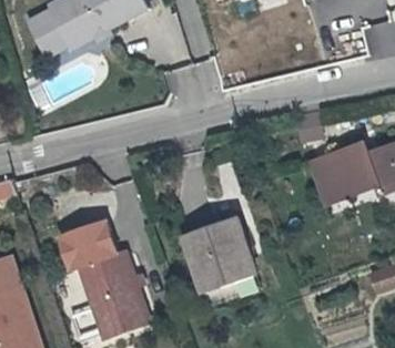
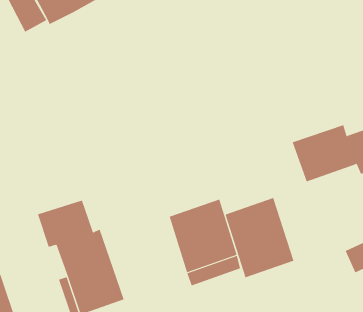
building: none -> [225,197,294,278]

